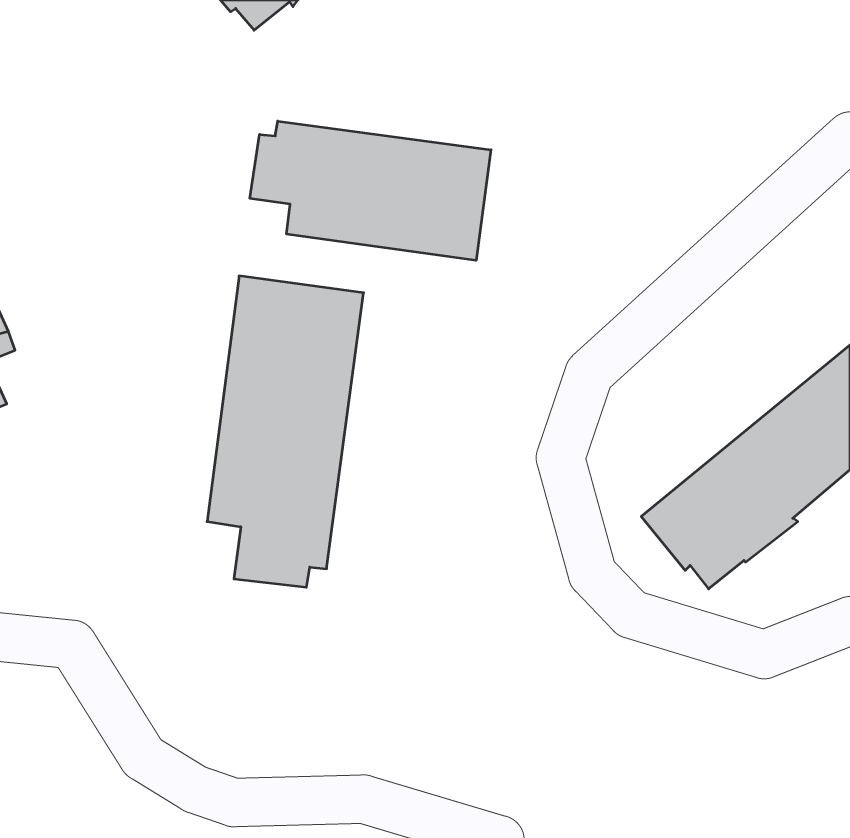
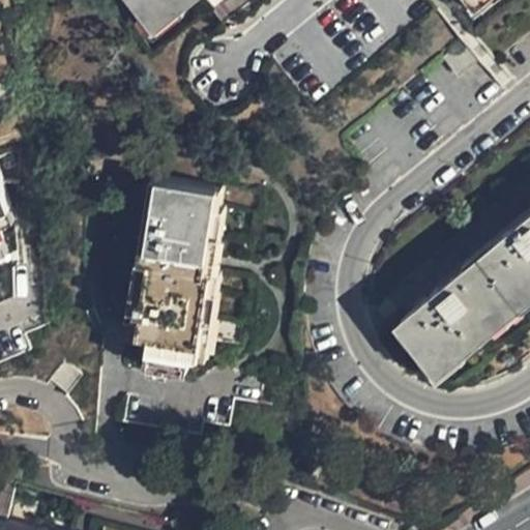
building: [250,121,491,260] -> none

